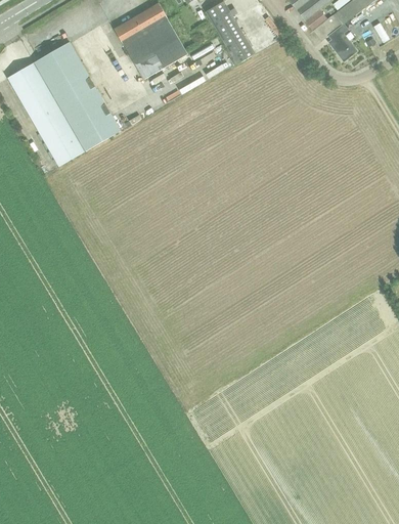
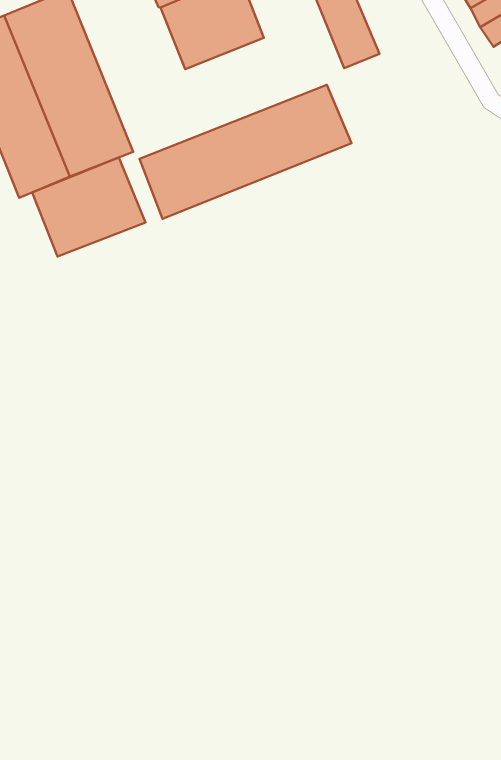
building: none -> [139,85,351,219]
building: none -> [32,158,146,256]

